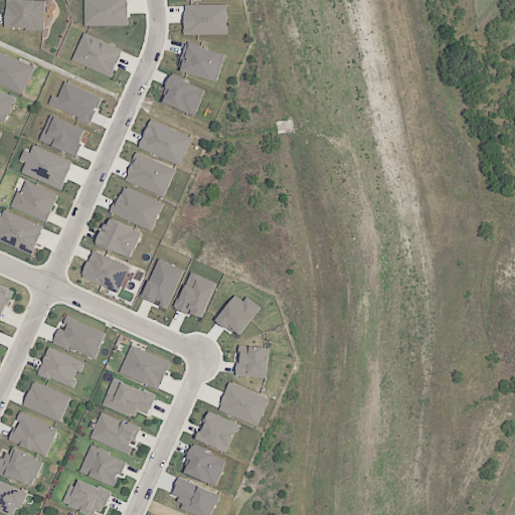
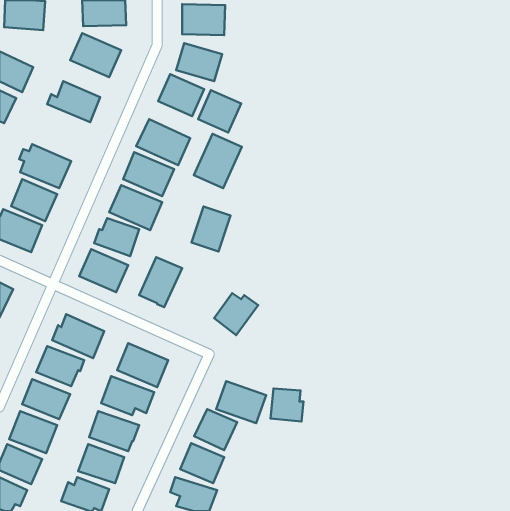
building: none -> [198,90,241,133]
building: [38,115,84,156] -> none
building: none -> [194,134,242,188]
building: [175,273,214,318] -> [192,206,231,251]
building: [234,345,268,378] -> [270,389,303,422]

